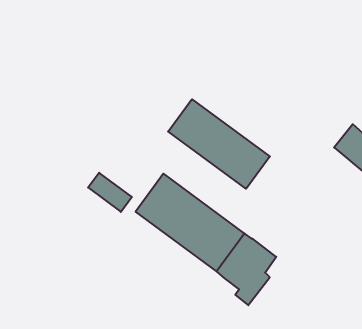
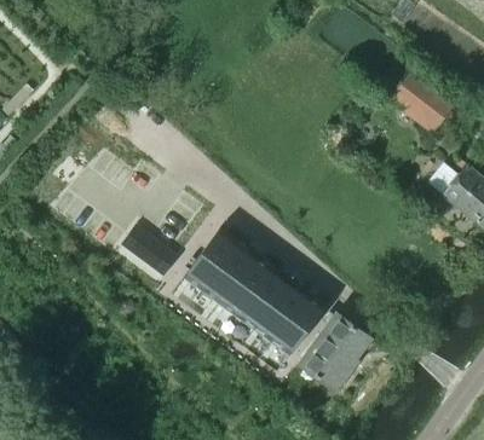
building: none -> [378,62,454,133]
building: [168,99,270,189] -> none

